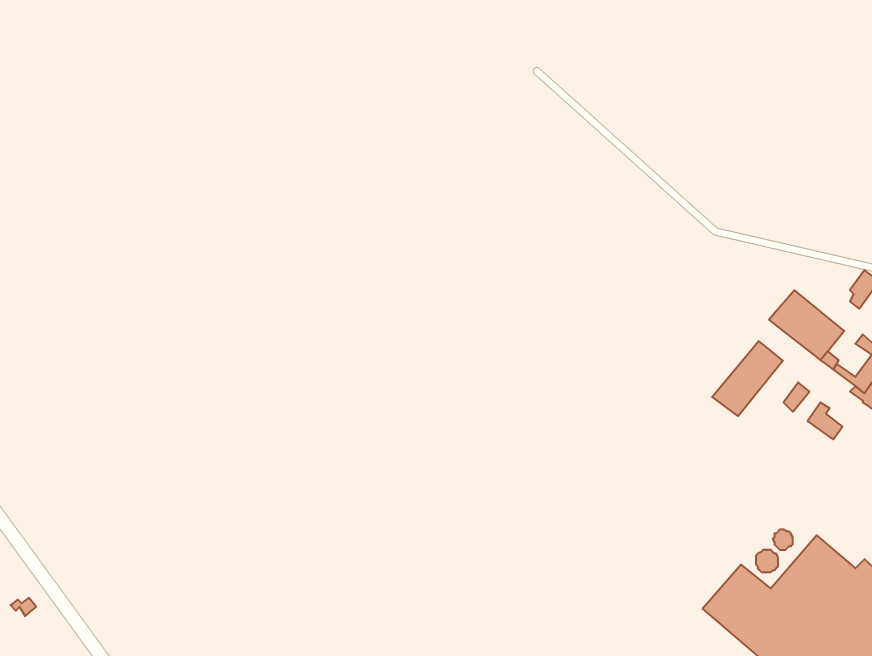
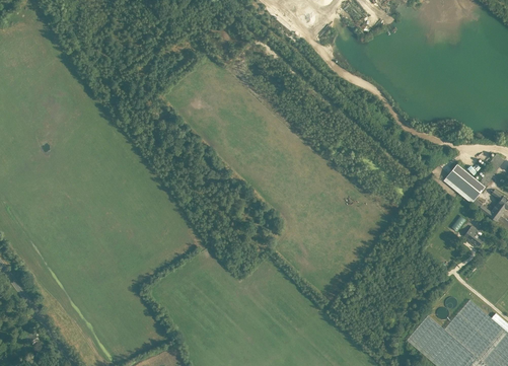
building: [712,341,783,416] -> none

